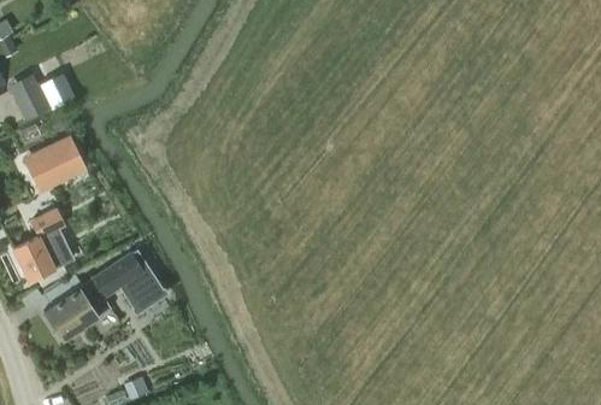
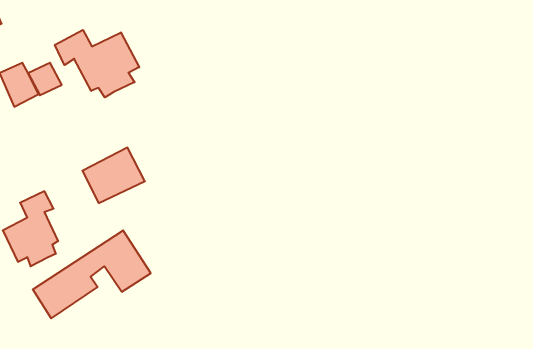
building: none -> [55,30,139,97]
building: [22,135,87,193] -> [82,148,145,203]

